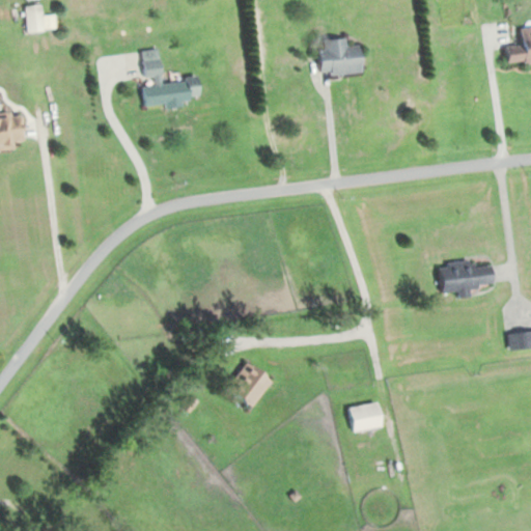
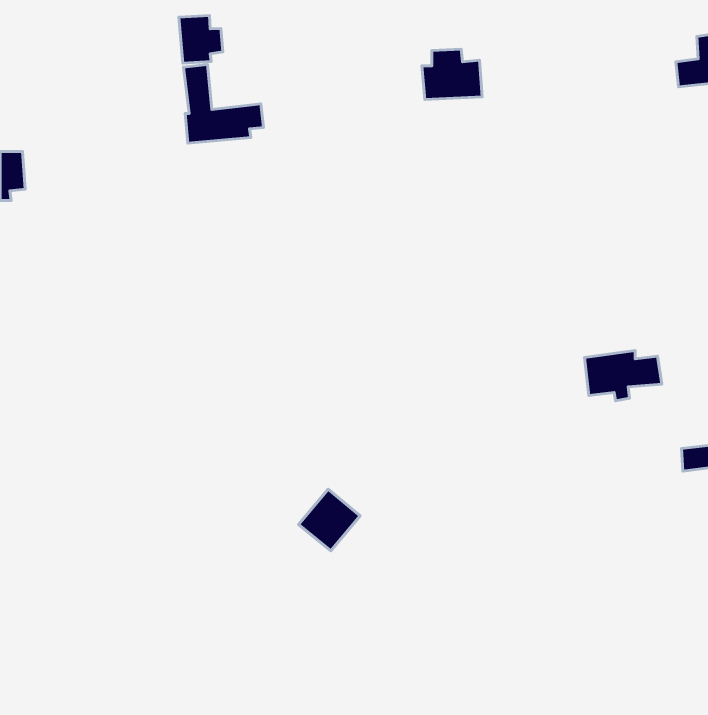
building: [28,5,45,33] -> none
building: none -> [179,15,223,63]
building: [348,402,382,431] -> none

